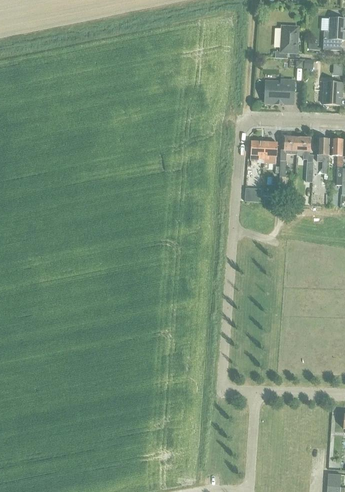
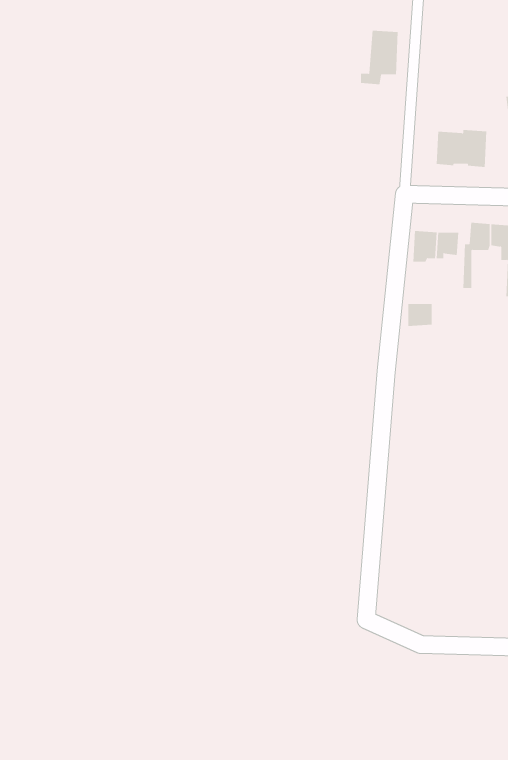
building: [275,24,298,57] -> [360,30,398,85]

